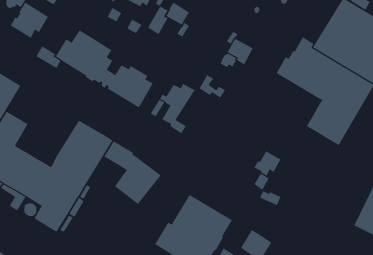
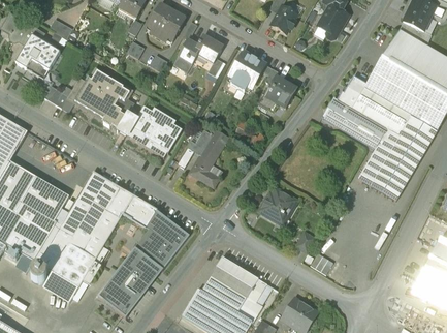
building: none -> [229,51,265,91]
building: none -> [22,176,69,224]
building: [253,150,281,176] -> [261,190,293,220]
building: none -> [97,247,163,317]

